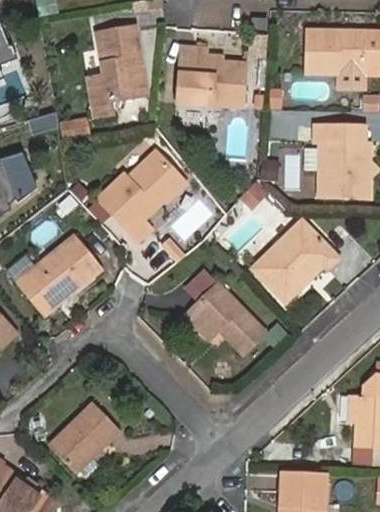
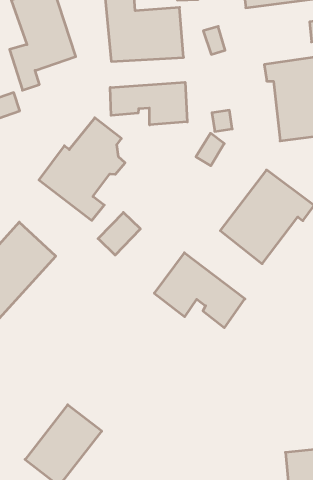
building: none -> [110,82,187,125]

